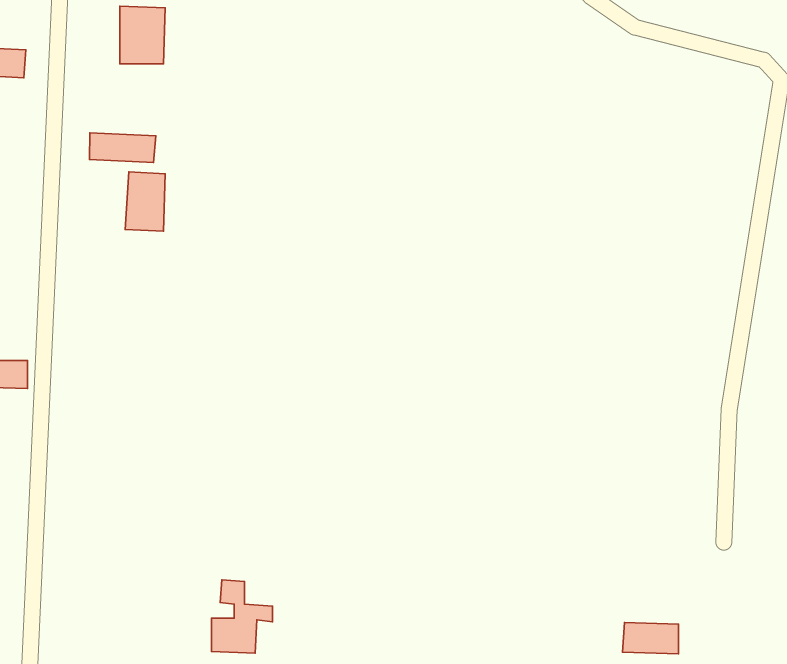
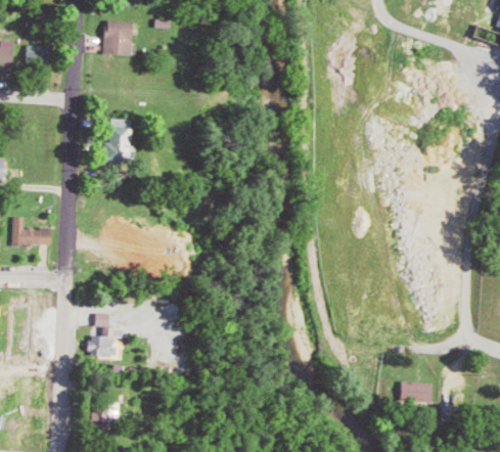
building: [90,133,156,162] -> none
building: [211,580,273,653] -> [88,314,124,357]

